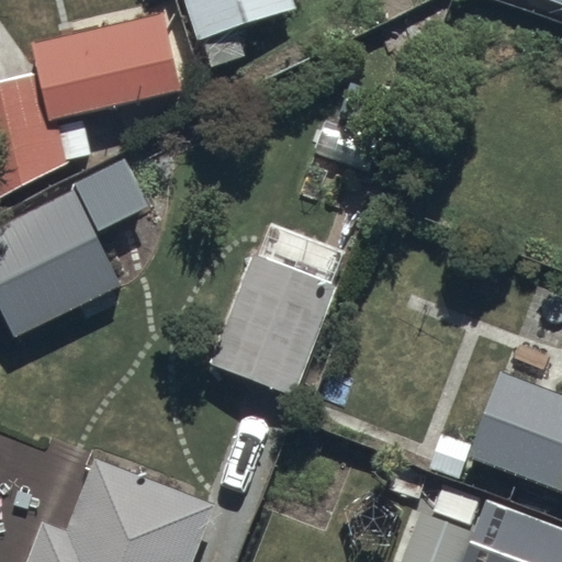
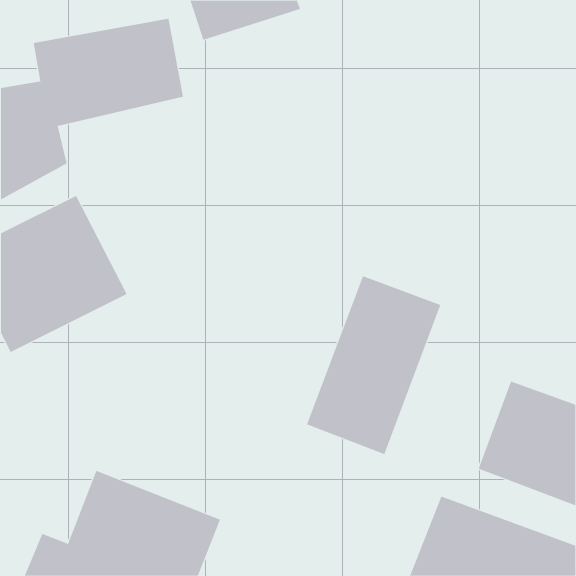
building: [213,225,345,400] -> [306,276,441,455]

